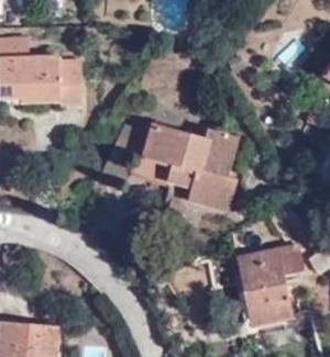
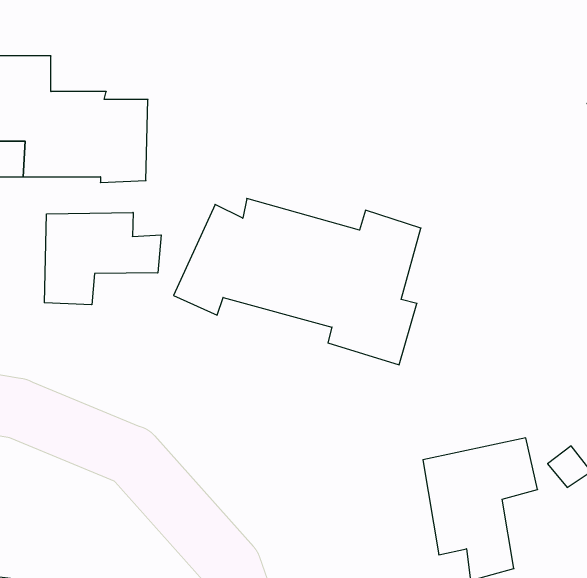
building: none -> [44,212,161,305]

